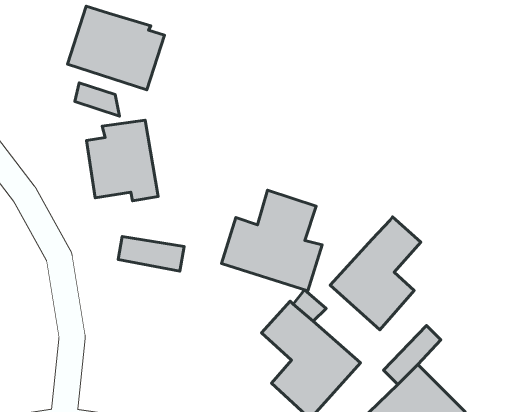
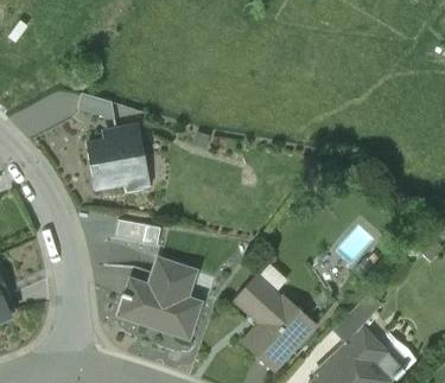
building: [67,6,164,90] -> none
building: [222,190,322,291] -> [119,256,202,339]
building: [330,217,421,330] -> none

